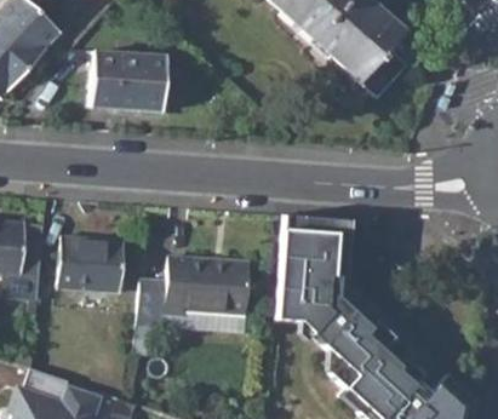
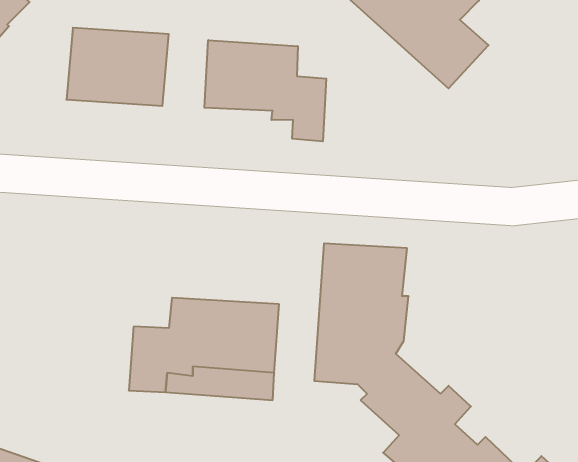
building: none -> [204,40,326,141]
building: [56,235,125,291] -> none

